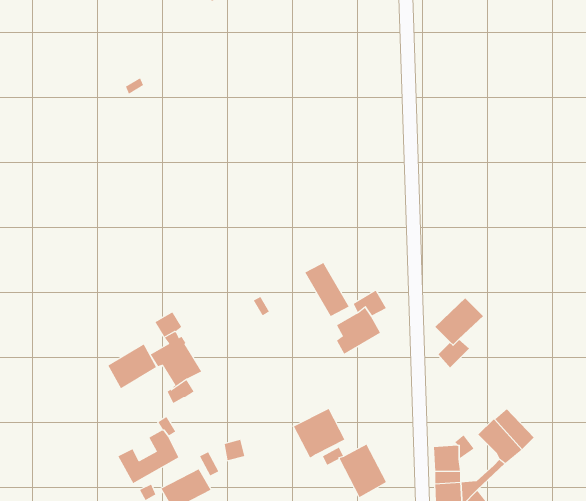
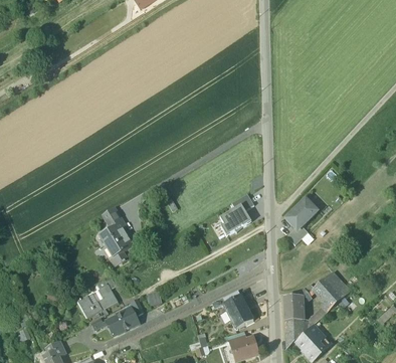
building: [305,262,350,317] -> none
building: [108,343,157,389] -> none
building: [293,408,345,458] -> none

